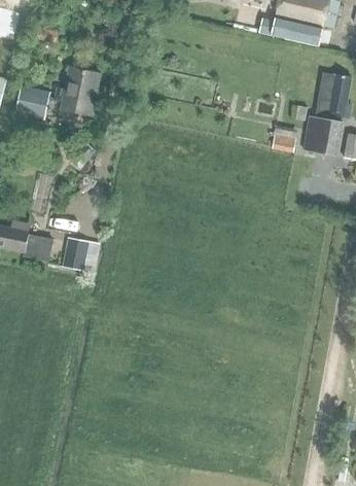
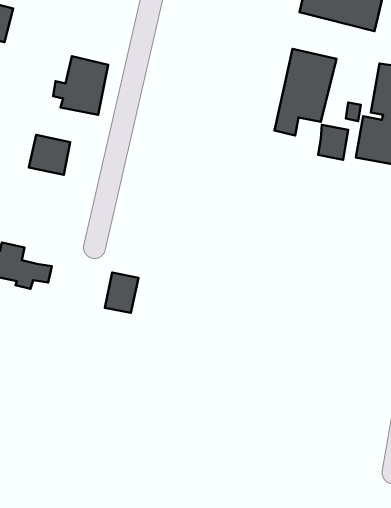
building: none -> [274,49,336,136]
building: [15,85,49,118] -> [29,135,70,175]
building: [63,237,91,270] -> [105,273,138,313]

